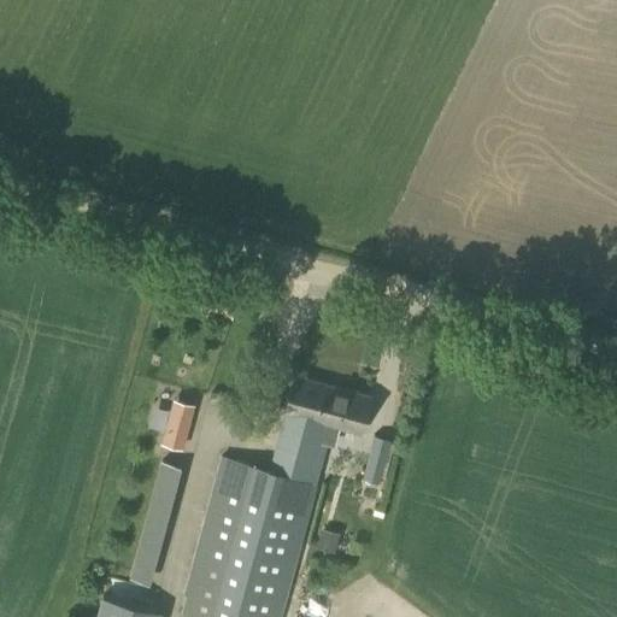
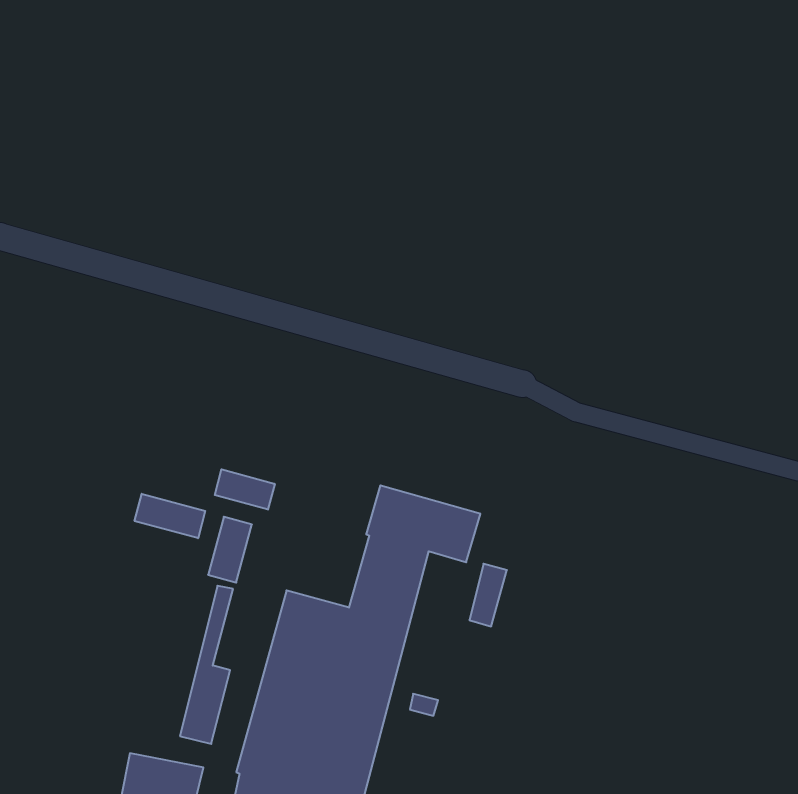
building: none -> [215,469,275,510]
building: none -> [135,494,205,538]

